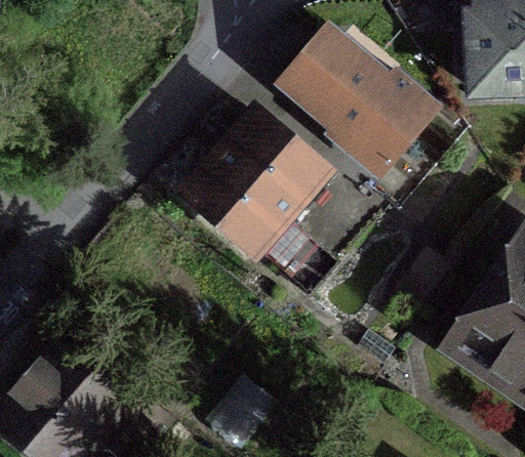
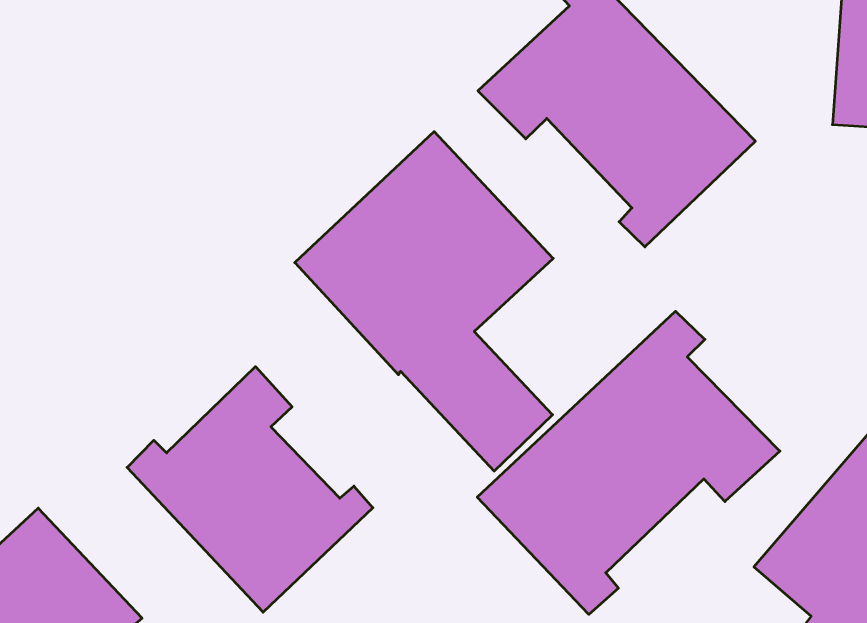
building: none -> [477,311,780,614]
building: none -> [127,367,373,612]

